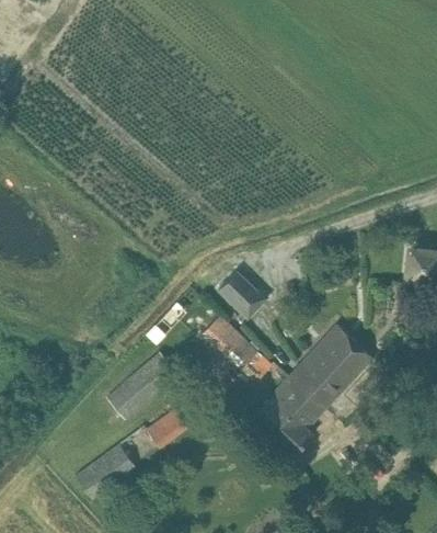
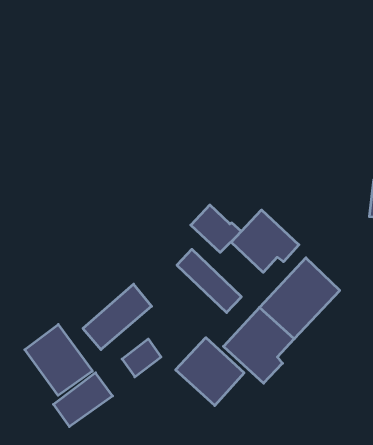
building: none -> [231,210,299,272]
building: none -> [25,324,92,395]
building: none -> [176,338,244,406]

